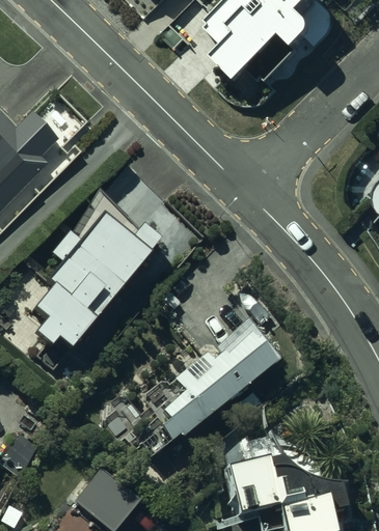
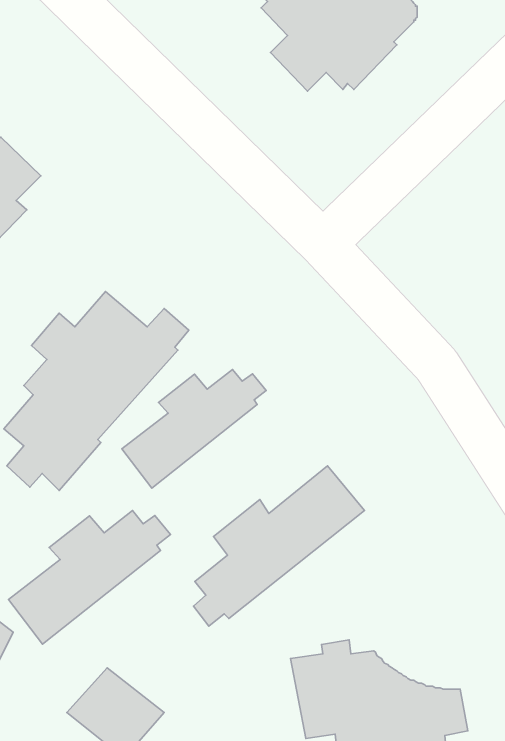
building: none -> [122,369,266,488]
building: none -> [8,511,170,644]

